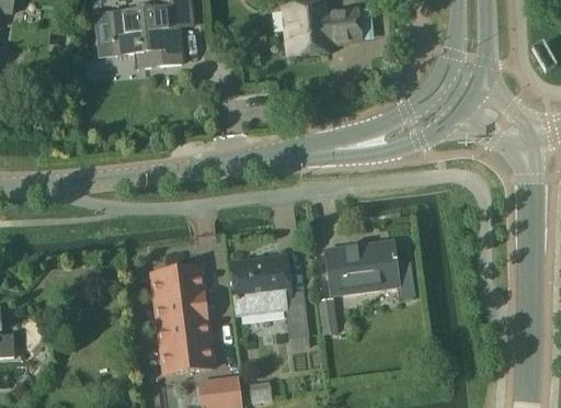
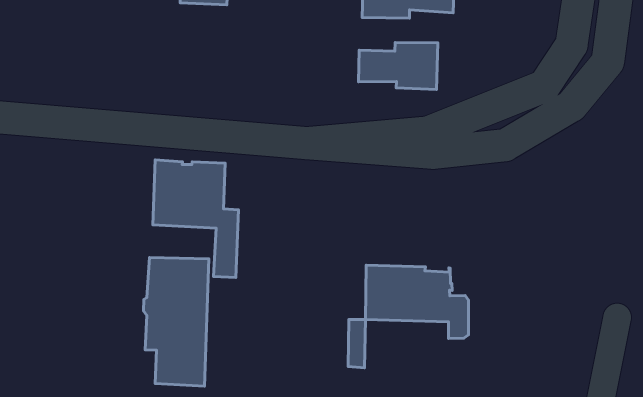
building: none -> [358,43,438,89]
building: [229,256,308,347] -> [153,160,238,277]

